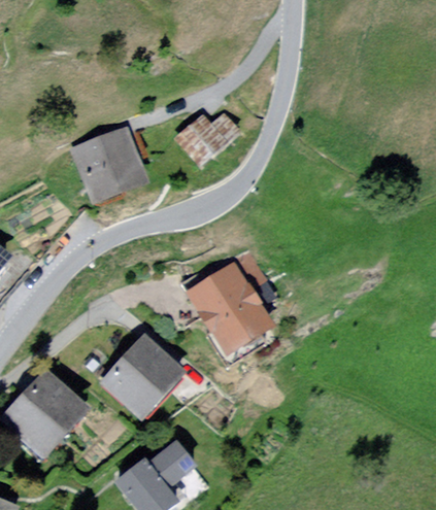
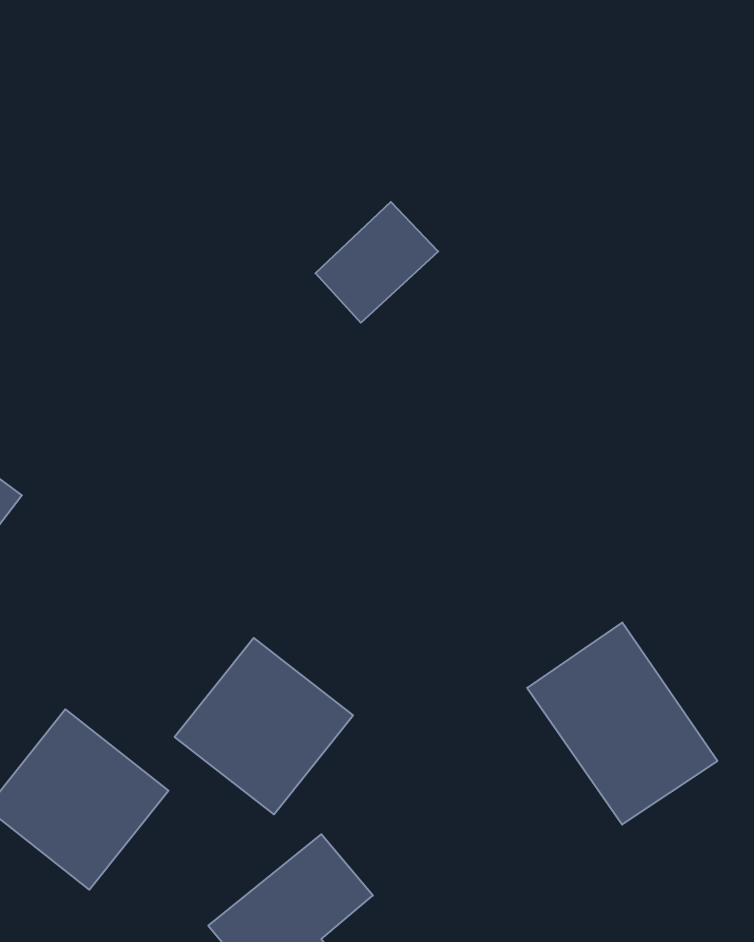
building: [72,127,150,203] -> none
building: [186,256,284,361] -> [527,622,717,825]

